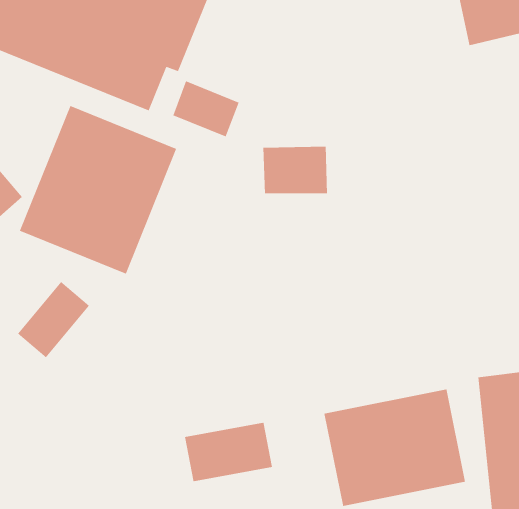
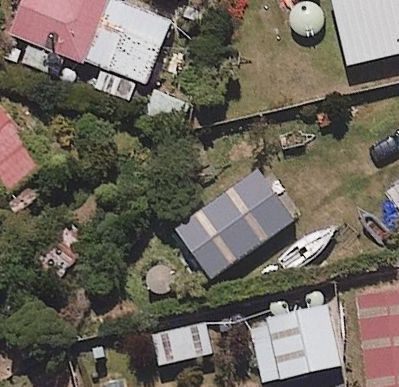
building: [19,105,177,274] -> none
building: none -> [174,166,297,278]

